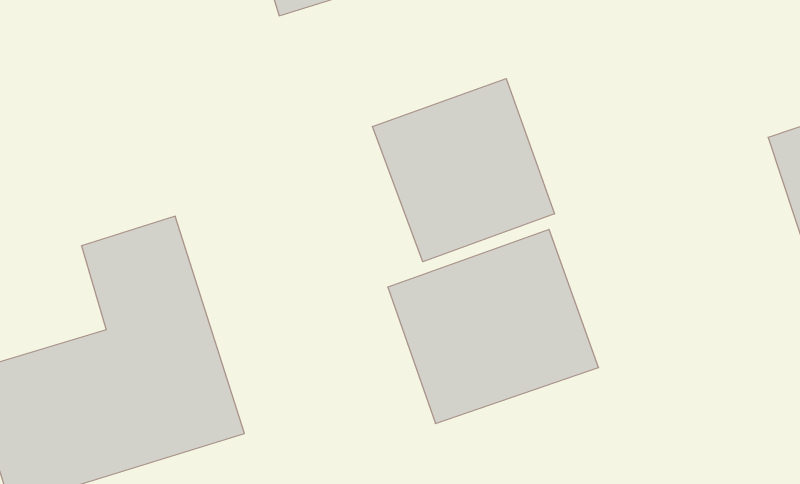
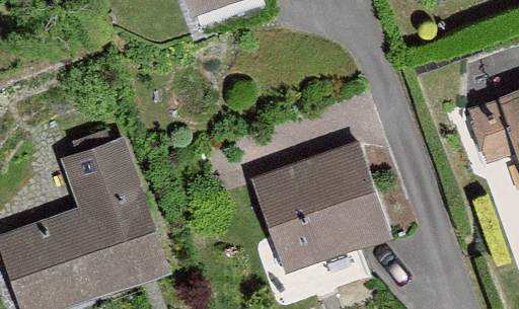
building: [372,79,555,262] -> none

